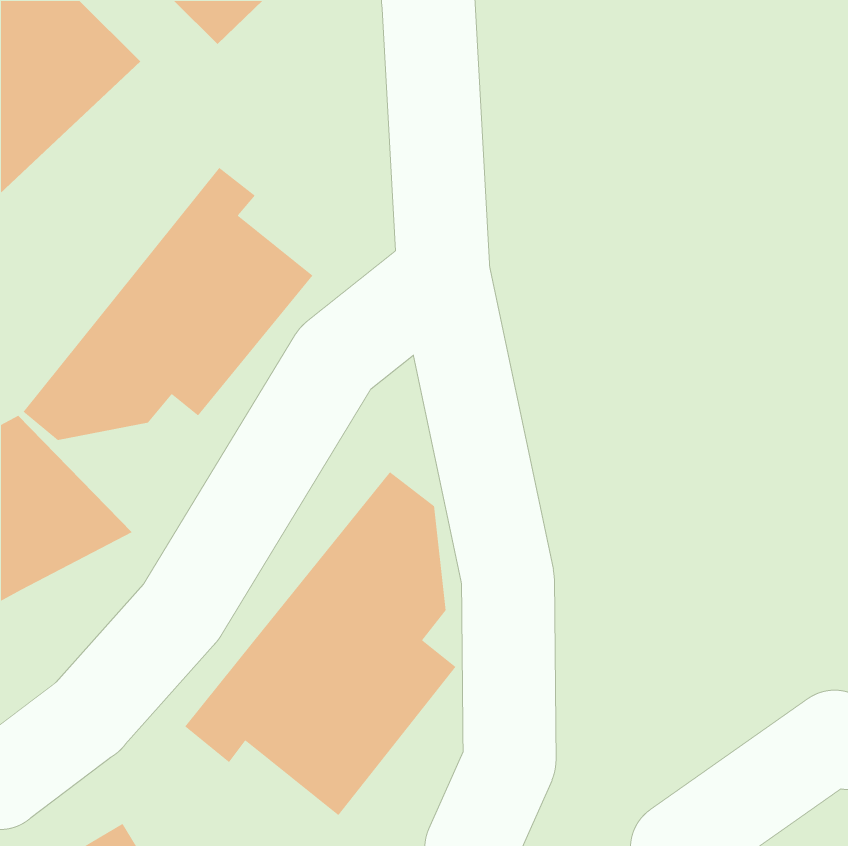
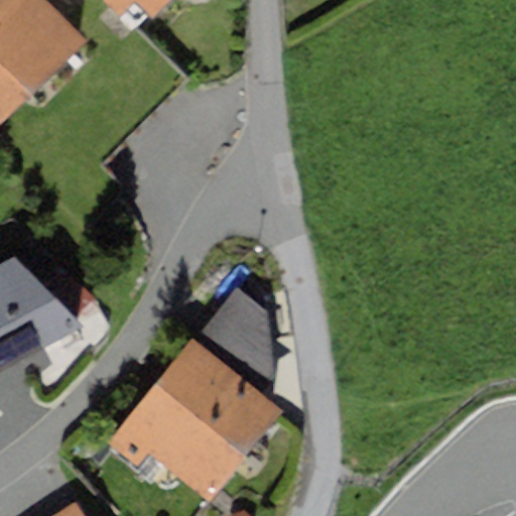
building: [23,167,314,441] -> none

